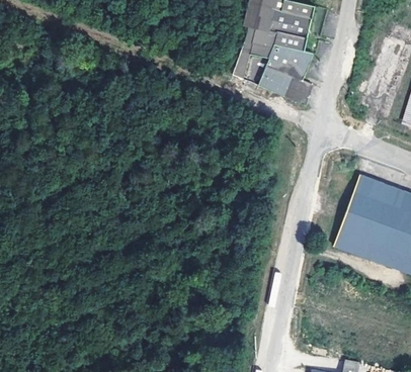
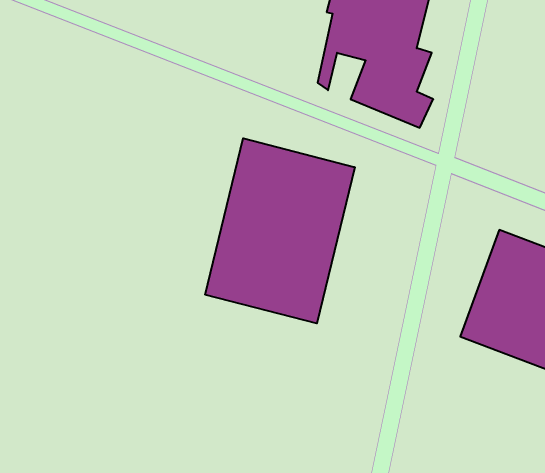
building: none -> [205,138,355,323]

